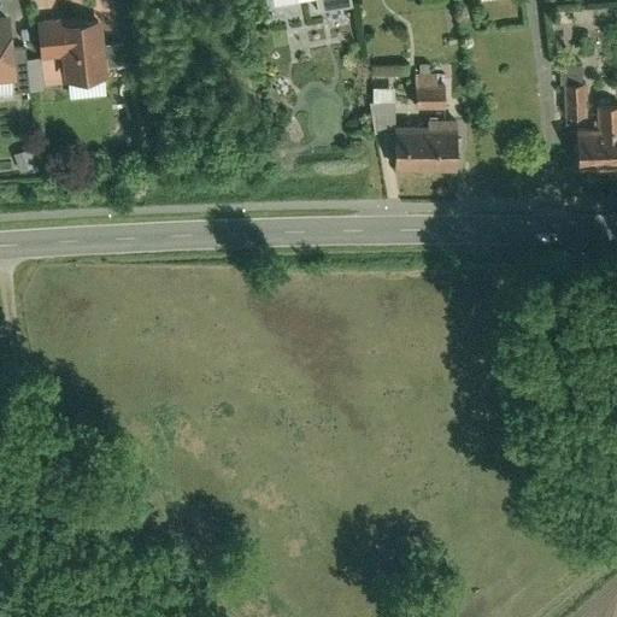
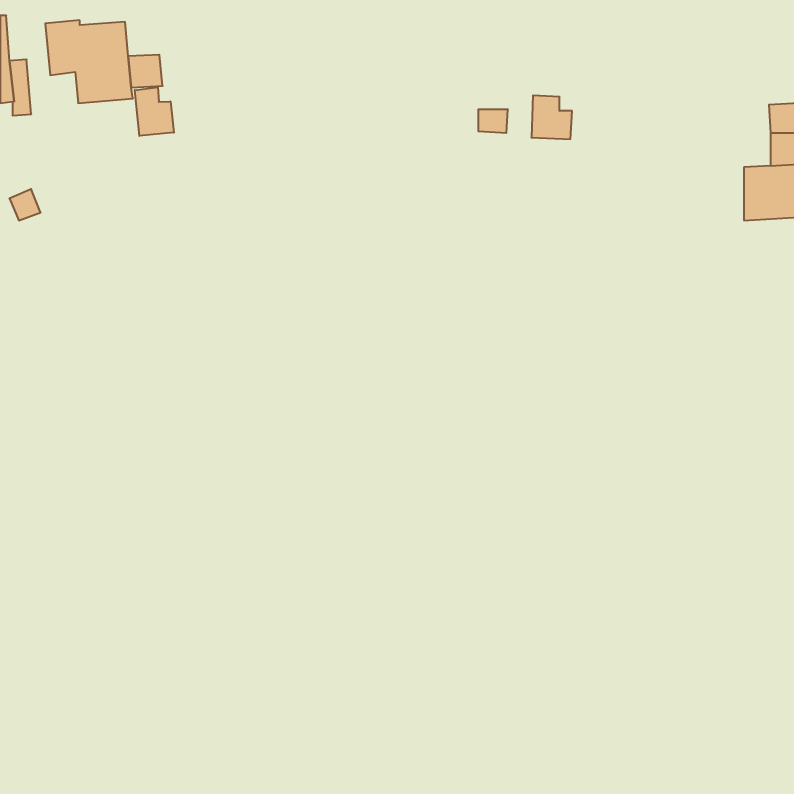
building: none -> [135,87,174,136]
building: [563,86,584,119] -> none
building: [394,121,458,175] -> none

